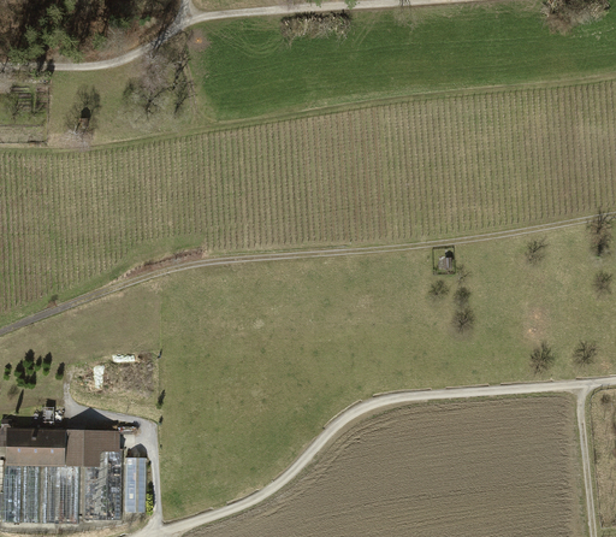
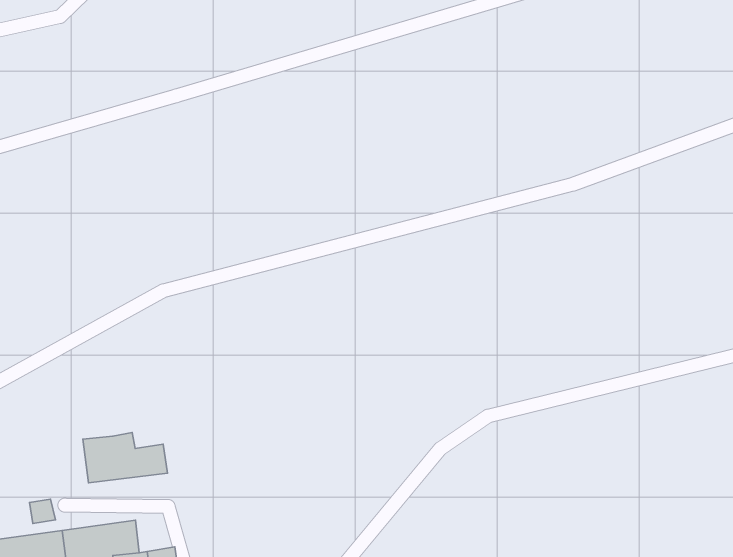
building: none -> [83,433,168,483]

